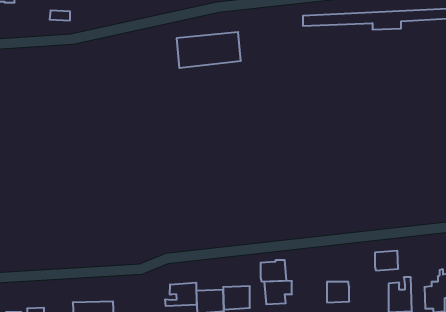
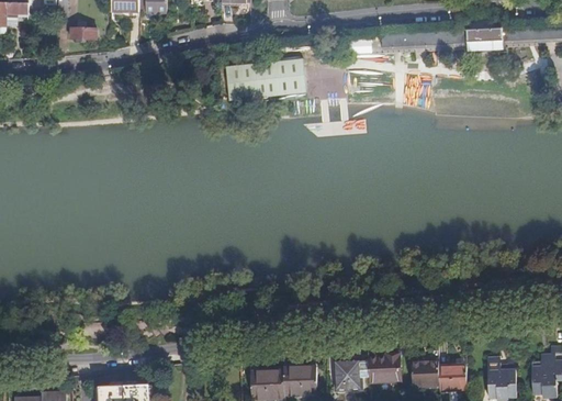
building: [375,251,398,270] -> [438,365,467,389]
building: [261,260,287,282] -> [368,354,400,380]
building: [165,283,197,306] -> none

